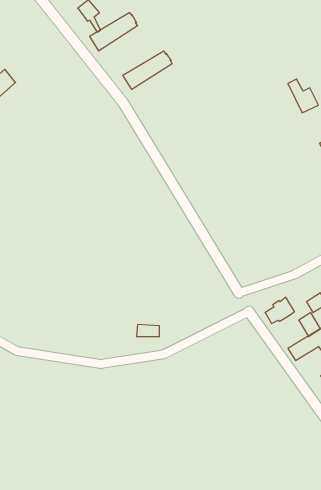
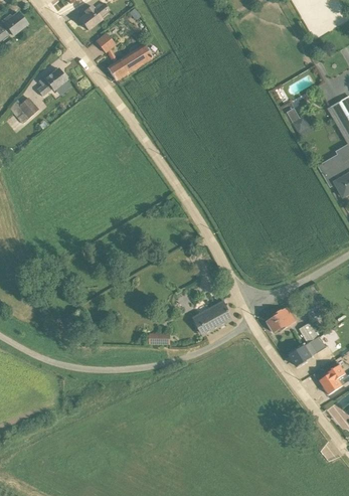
building: none -> [34,69,64,97]
building: [123,51,172,89] -> none
building: none -> [194,302,232,335]

